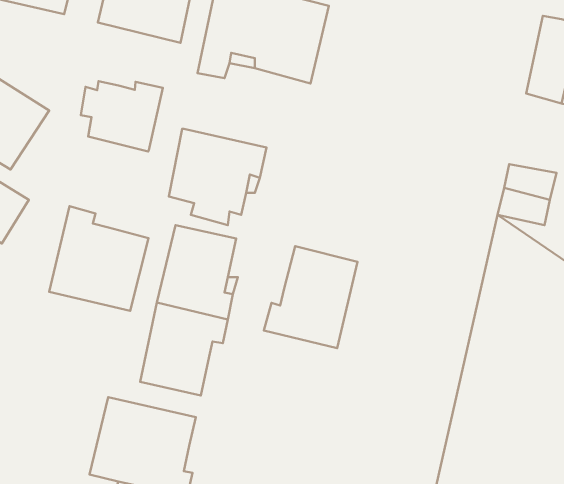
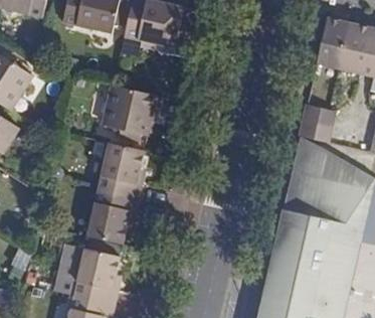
building: [81,81,163,151] -> none
building: [49,206,148,311] -> none
building: [264,246,358,348] -> none

